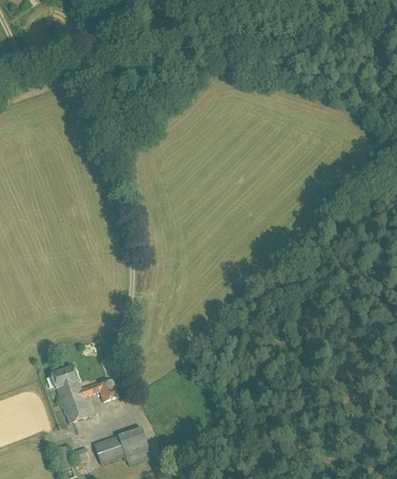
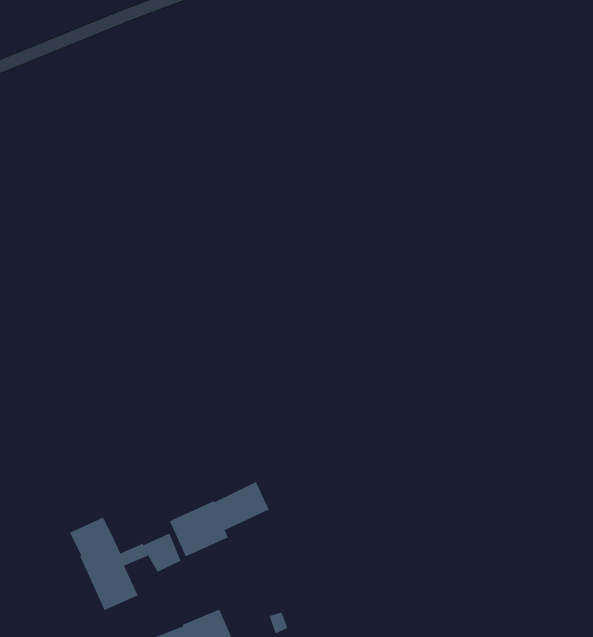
building: none -> [169,481,270,557]

